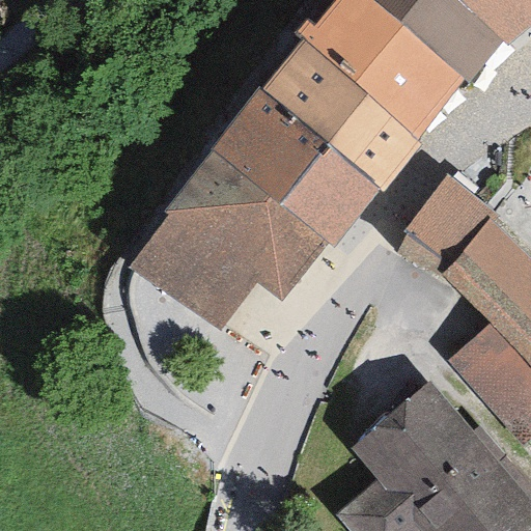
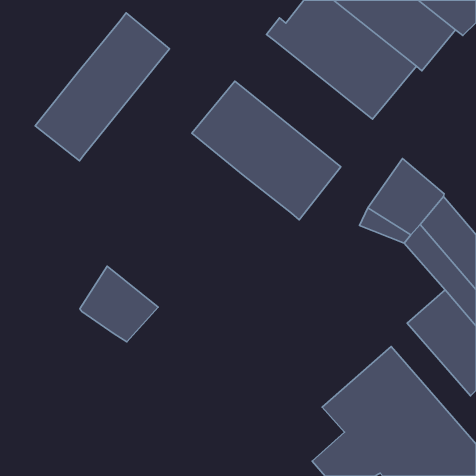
building: none -> [35,13,170,161]
building: [267,46,420,186] -> none
building: [139,148,325,327] -> none
building: none -> [80,266,158,342]

